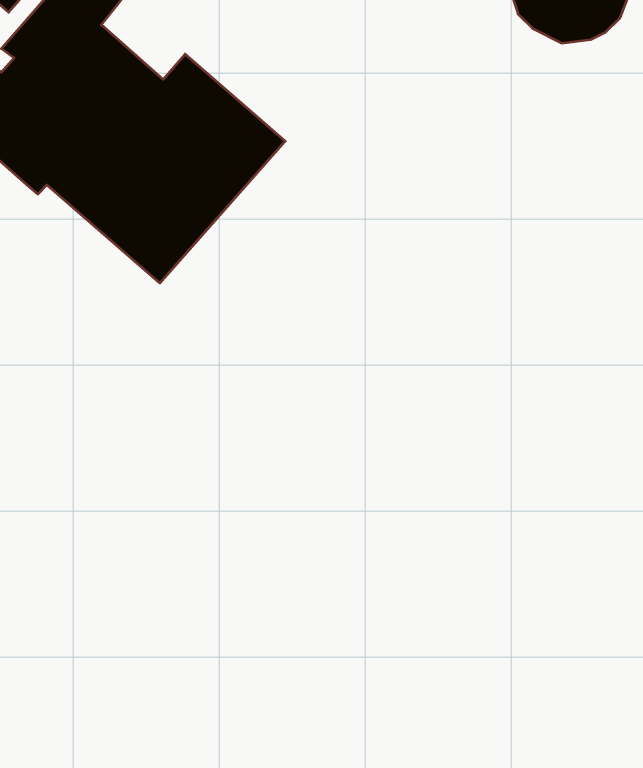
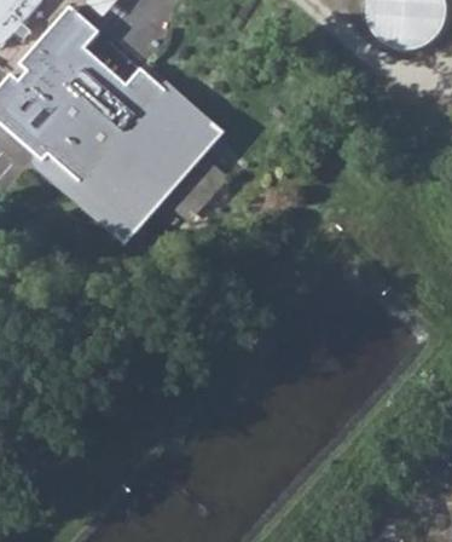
building: none -> [35,119,225,237]

